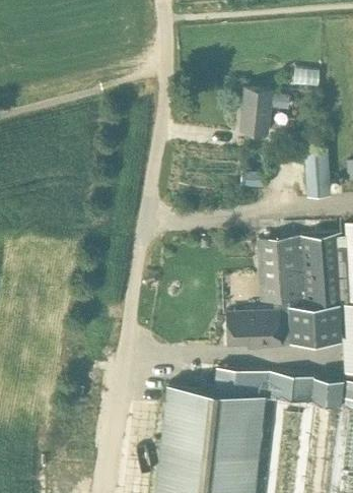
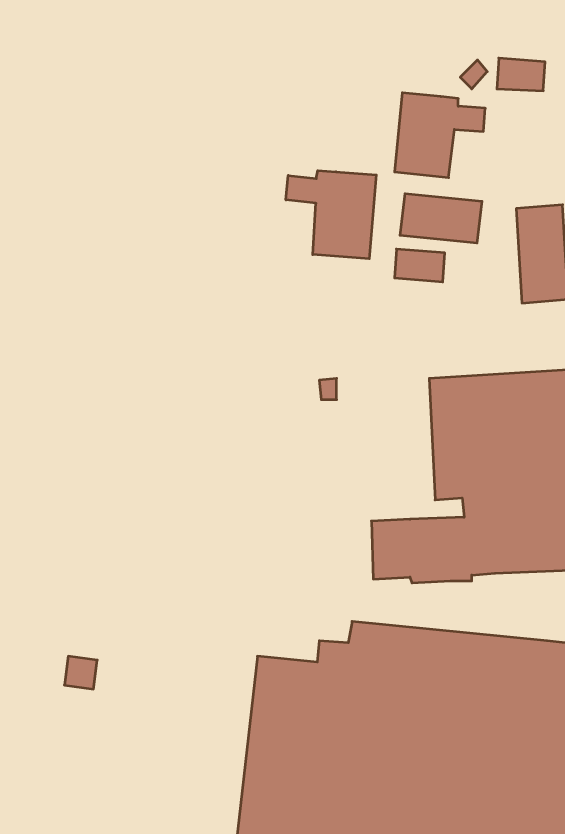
building: none -> [286,171,376,259]
building: none -> [400,194,482,243]

